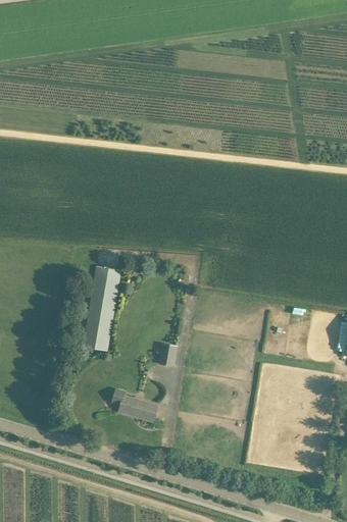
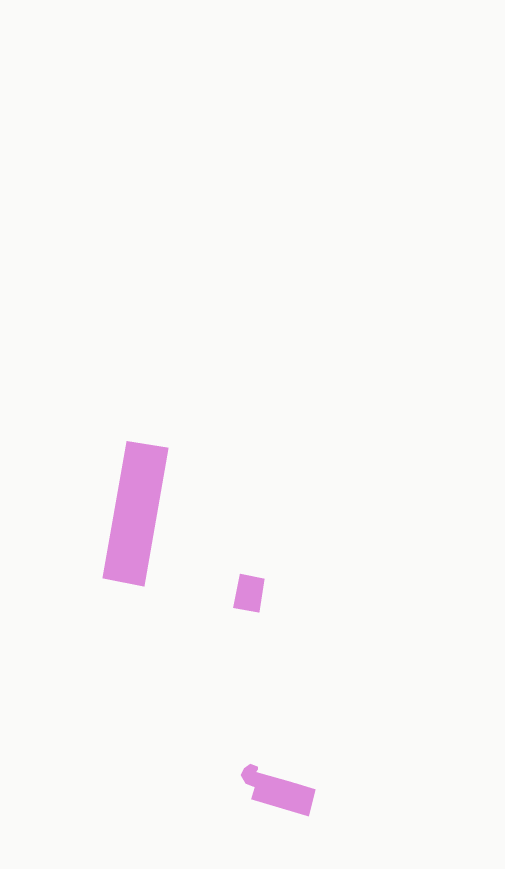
building: [112,390,157,422] -> [240,763,317,817]

